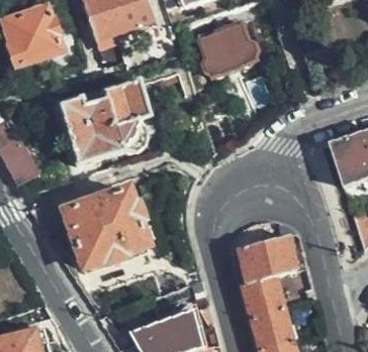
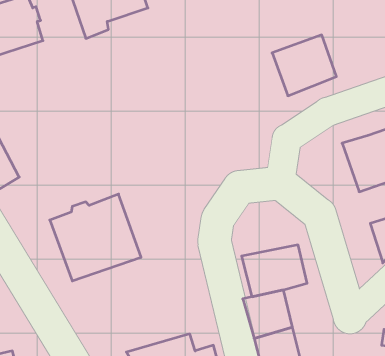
building: [198,21,256,76] -> [272,35,336,96]
building: [59,82,149,164] -> none

